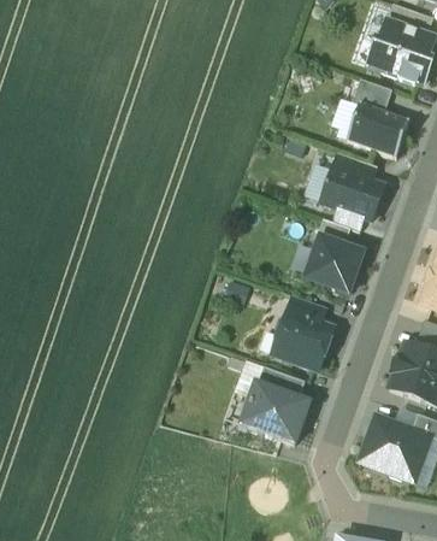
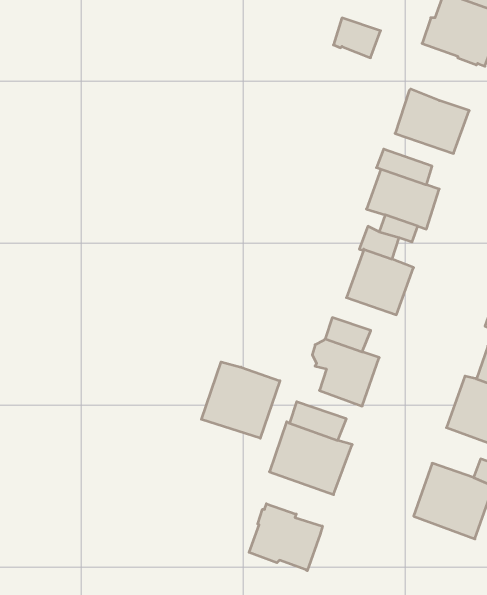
building: [352,78,391,112] -> [333,18,381,58]
building: none -> [201,362,280,438]
building: none -> [249,504,322,571]

